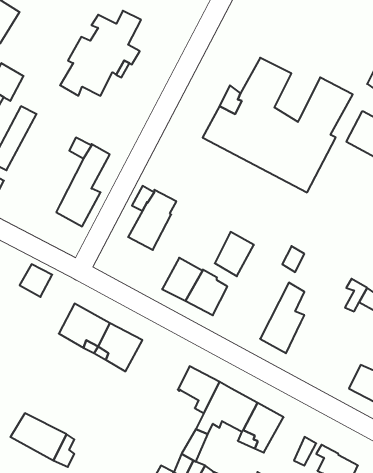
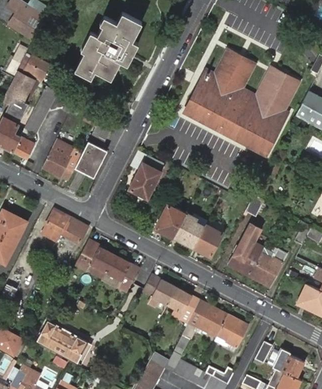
building: none -> [41,149,76,182]
building: [215,232,254,276] -> [193,224,223,258]
building: none -> [61,217,87,244]
building: none -> [249,250,286,288]
building: none -> [140,274,175,305]

